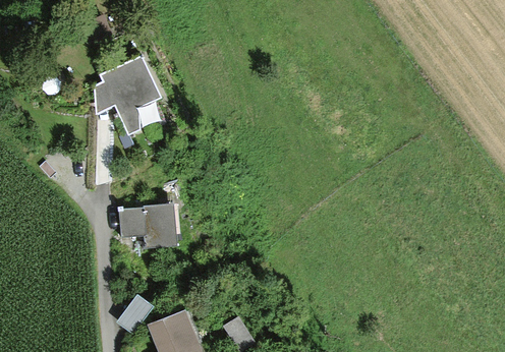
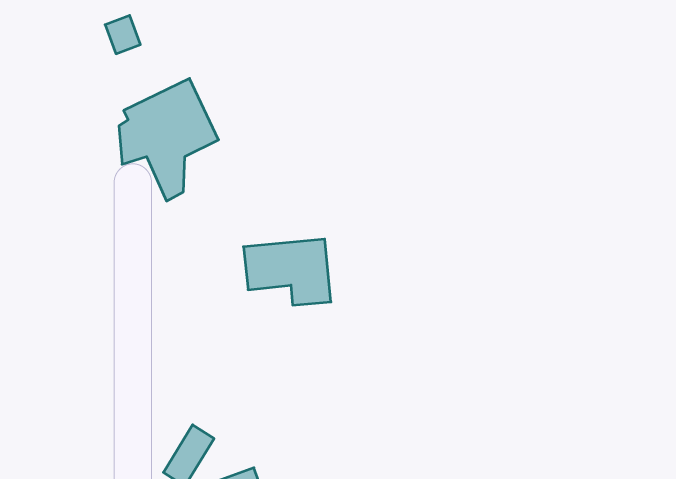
building: [119,202,177,246] -> [243,239,331,305]

